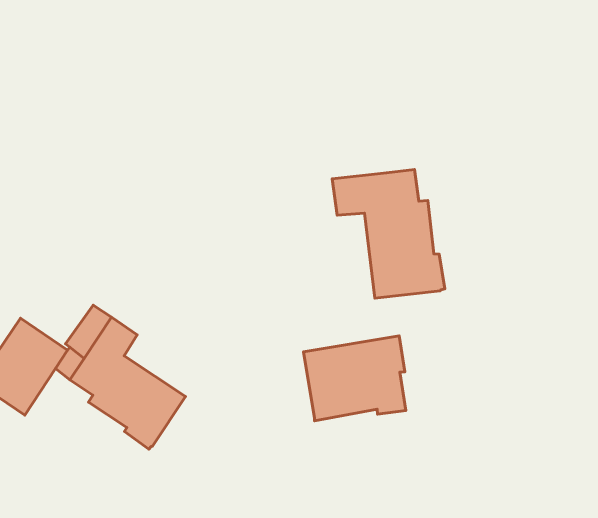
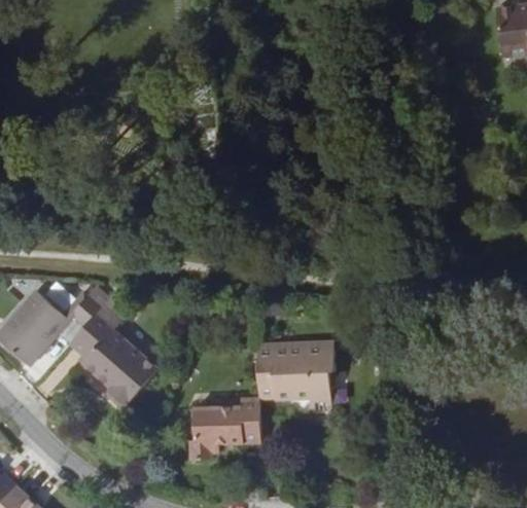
building: [332,169,445,298] -> none
building: none -> [188,398,260,460]

